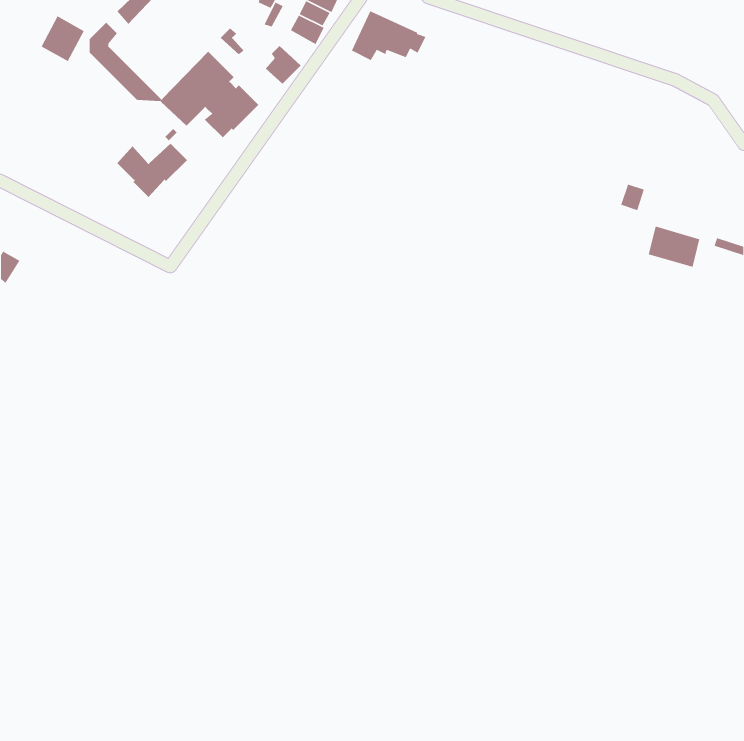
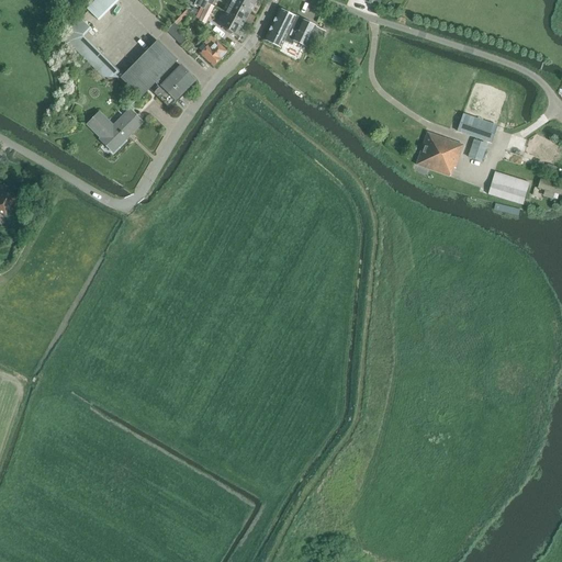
building: [41,15,85,62] -> none
building: none -> [458,112,497,142]
building: none -> [416,131,463,173]

